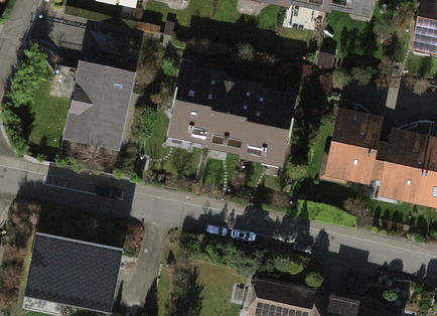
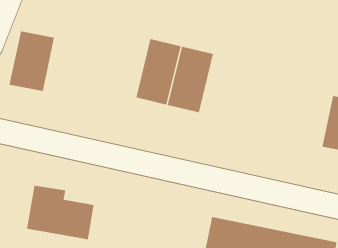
building: [66,68,121,141] -> [9,30,55,92]
building: [241,85,295,164] -> none
building: [317,112,384,185] -> none

